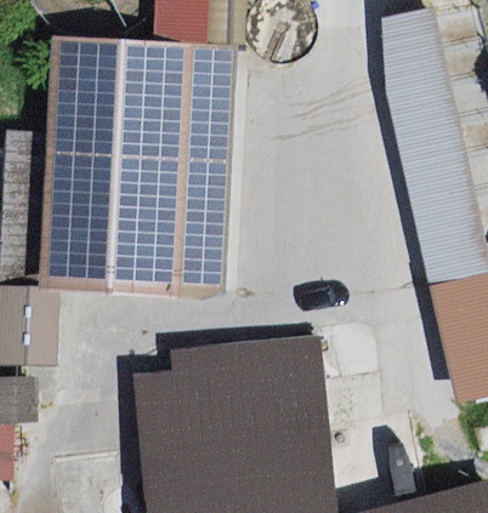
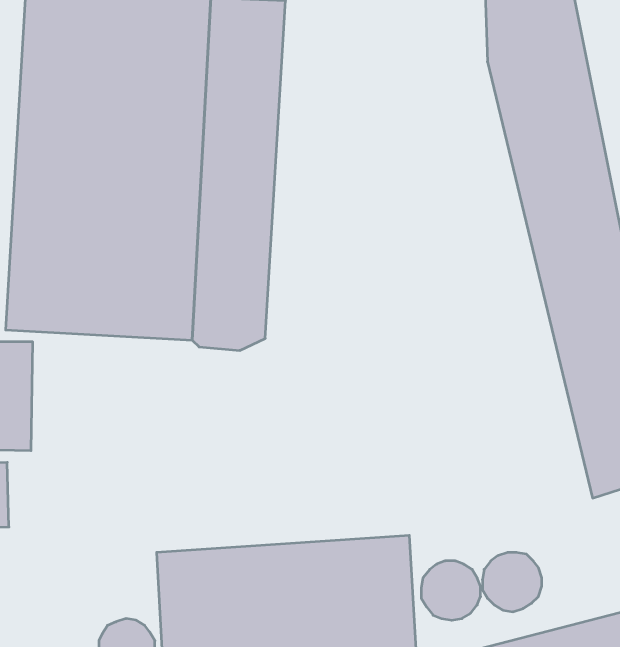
building: [140,332,328,439] -> none

